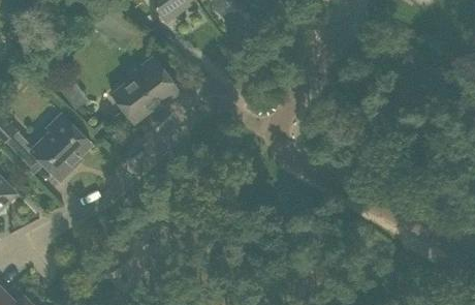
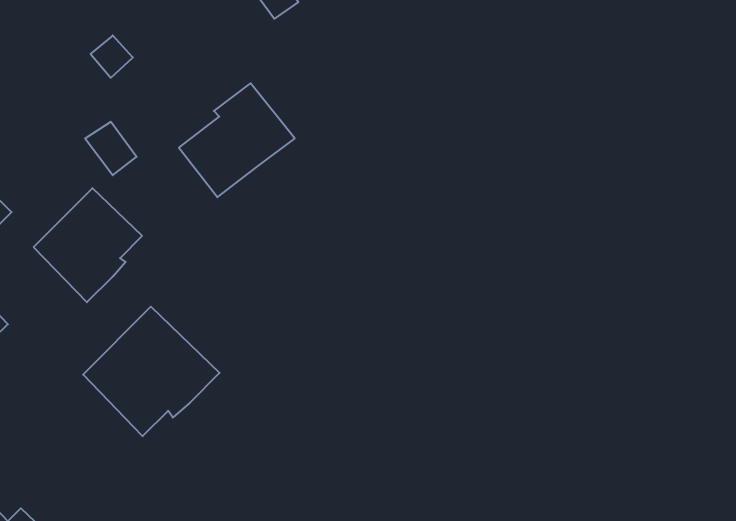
building: none -> [83,307,220,436]

